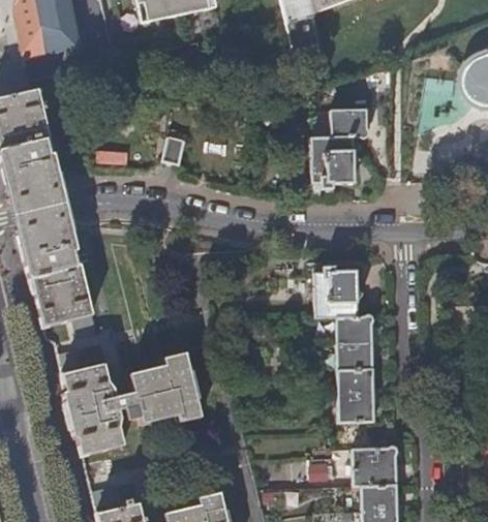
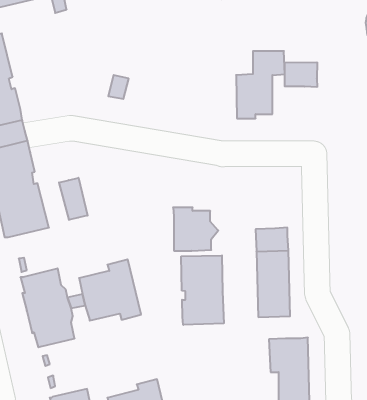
building: none -> [285,62,317,87]
building: none -> [59,178,88,220]
building: [312,267,365,317] -> [173,207,218,251]
building: none -> [181,255,224,325]

